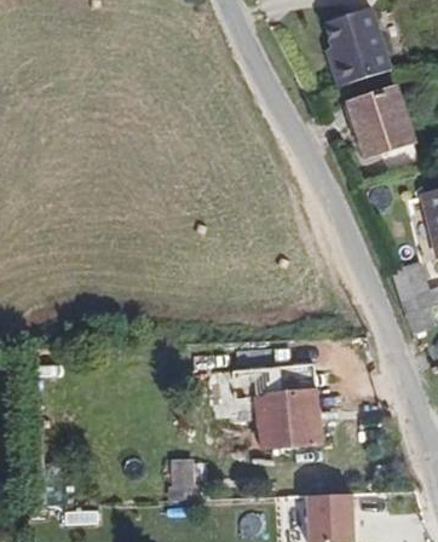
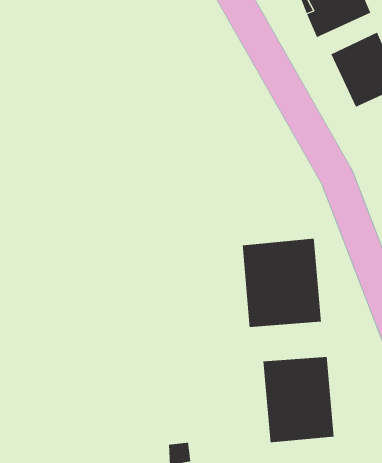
building: none -> [242,238,321,328]

